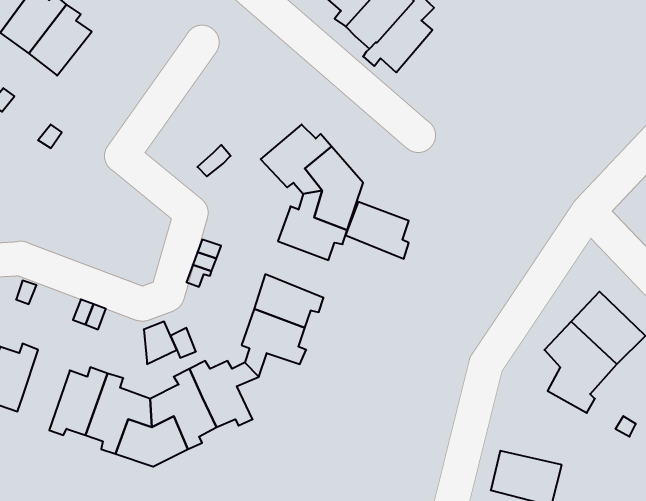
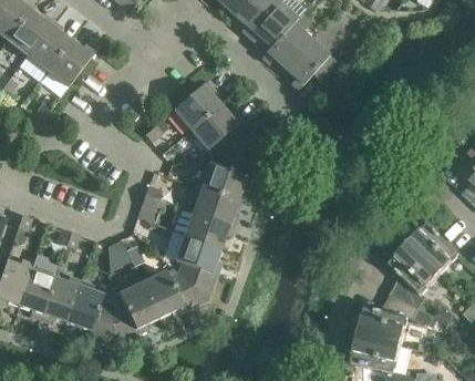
building: none -> [285,38,337,89]
building: none -> [47,39,94,86]
building: none -> [172,81,218,128]
building: [346,202,409,259] -> [193,186,237,226]
building: none -> [19,254,60,319]
building: none -> [173,265,217,311]
building: none -> [358,291,433,343]

